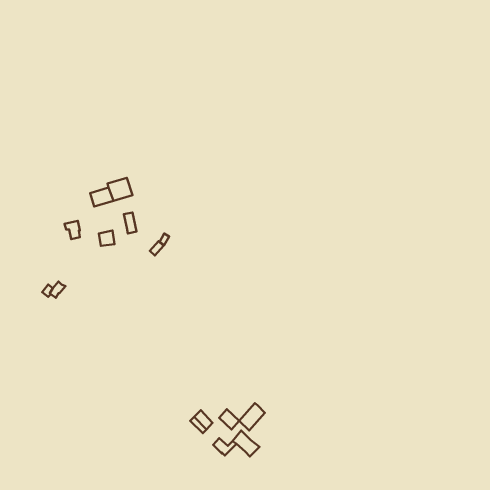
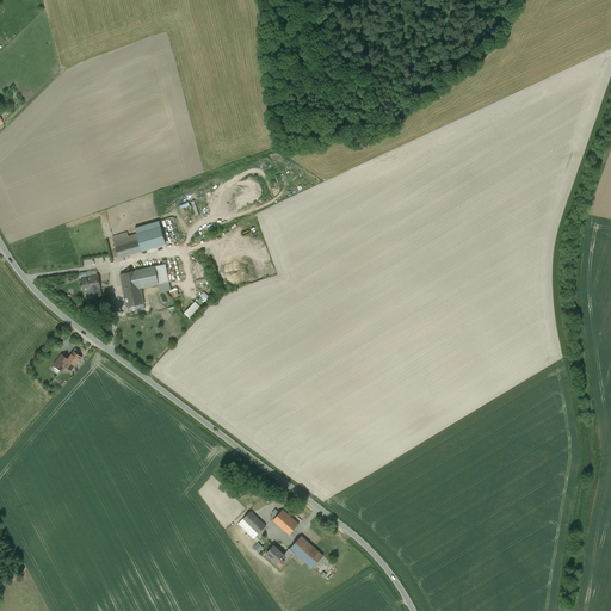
building: none -> [119,266,158,290]
building: [239,403,265,431] -> none

